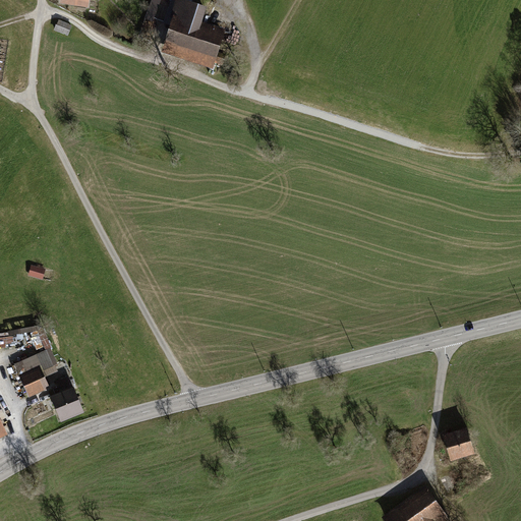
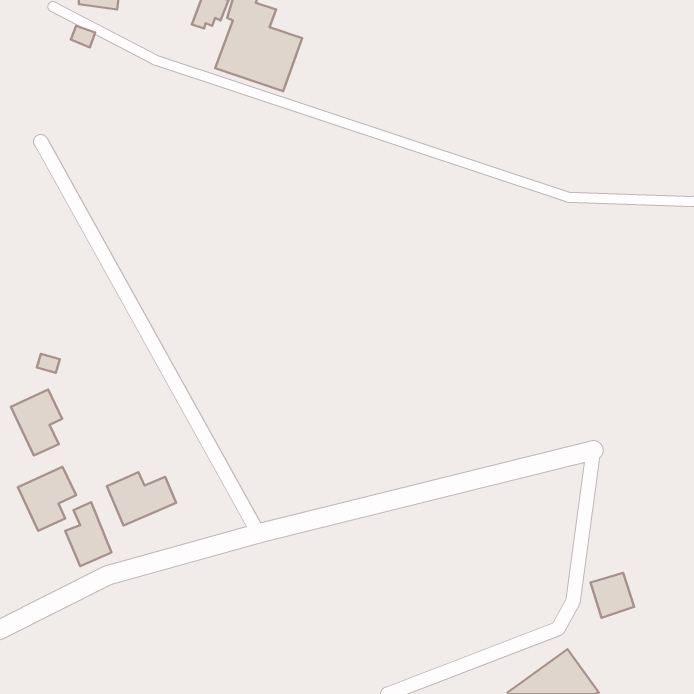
building: none -> [11,389,62,455]
building: none -> [107,472,176,526]

